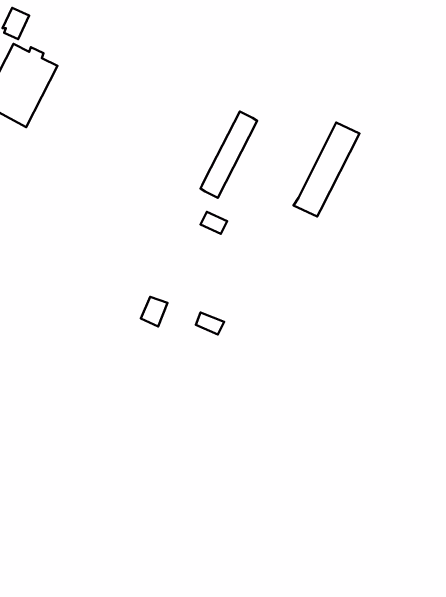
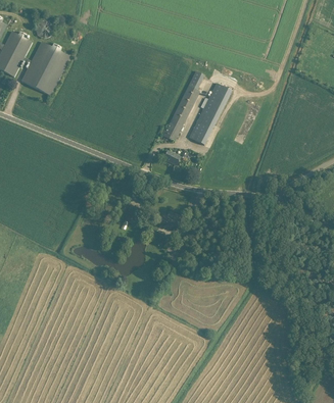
building: [294,122,360,217] -> [188,84,231,145]

